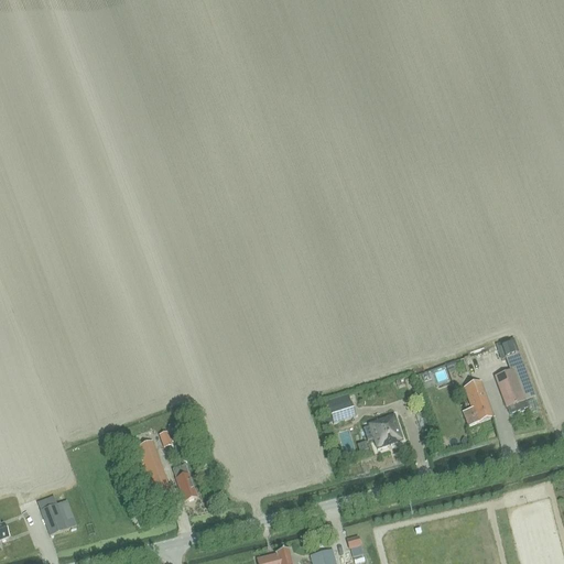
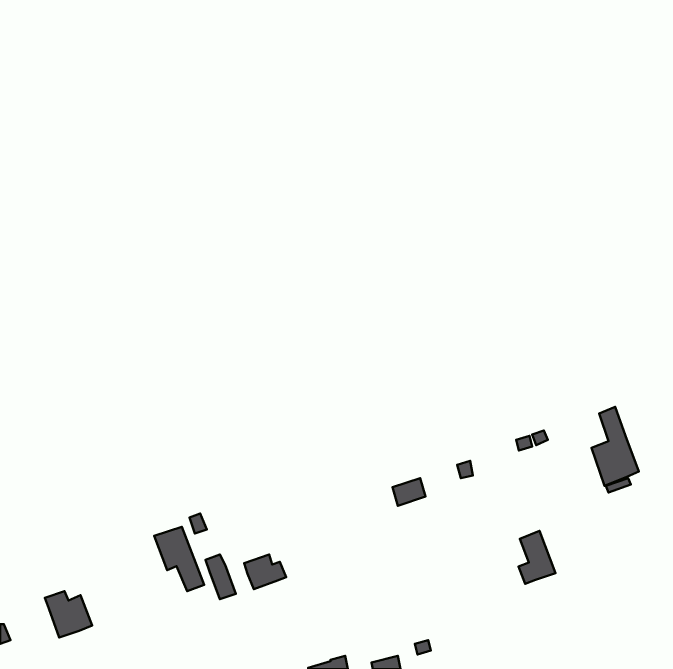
building: [463,380,494,424] -> [518,531,555,584]
building: [369,414,402,447] -> none
building: none -> [244,554,286,589]

